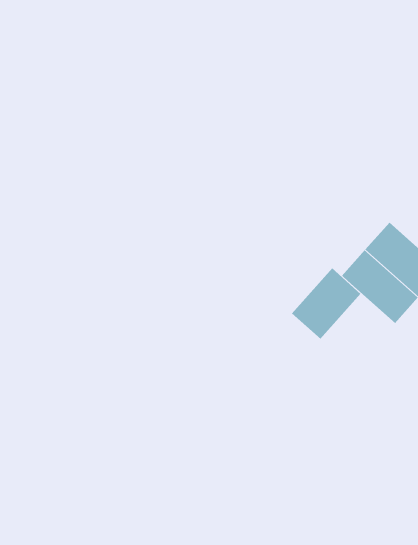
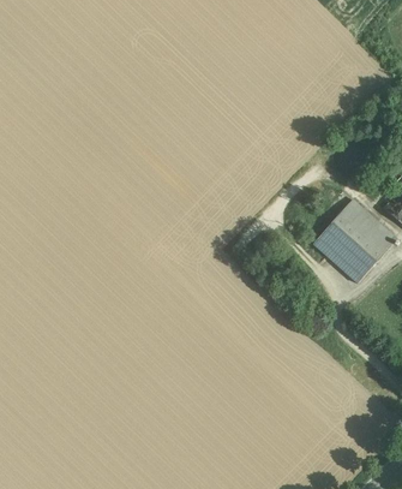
building: [291,268,361,340] -> none

